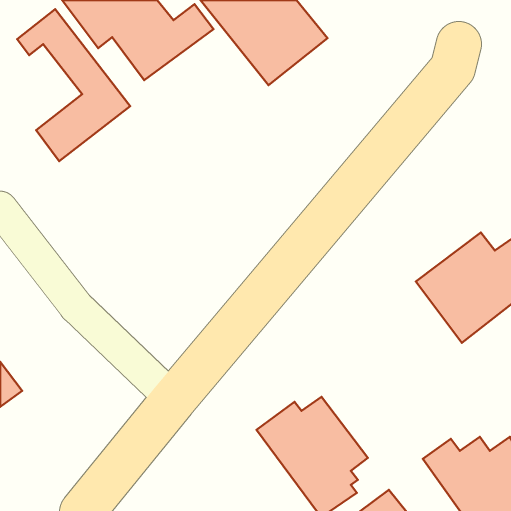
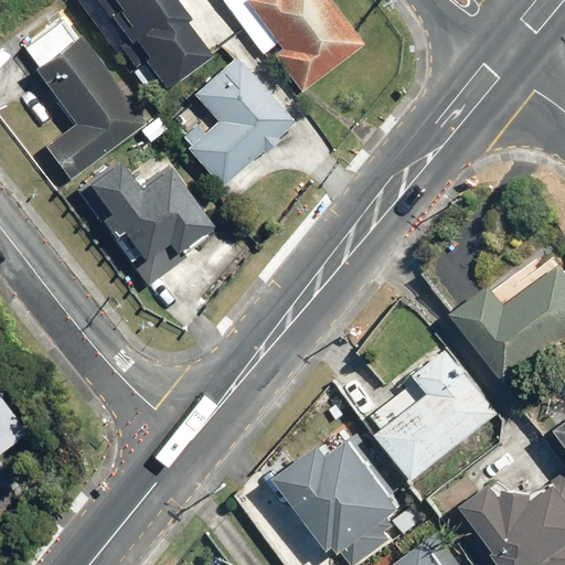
building: none -> [181,53,292,185]
building: none -> [71,153,220,286]
building: none -> [373,349,502,479]

